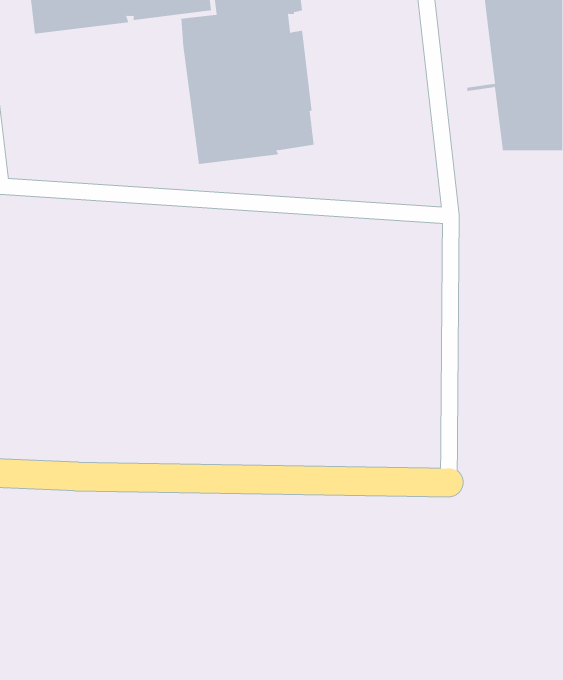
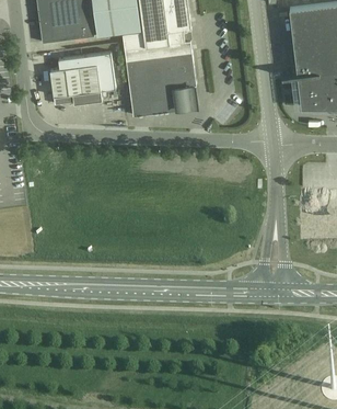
building: none -> [50,54,116,106]

